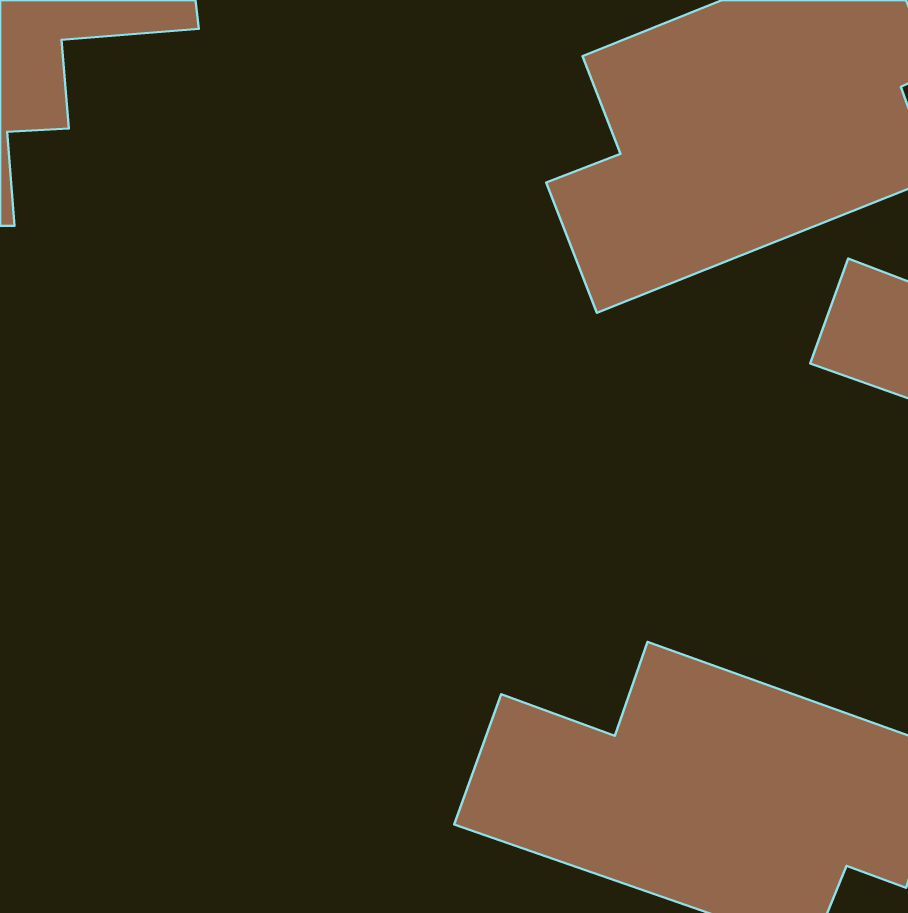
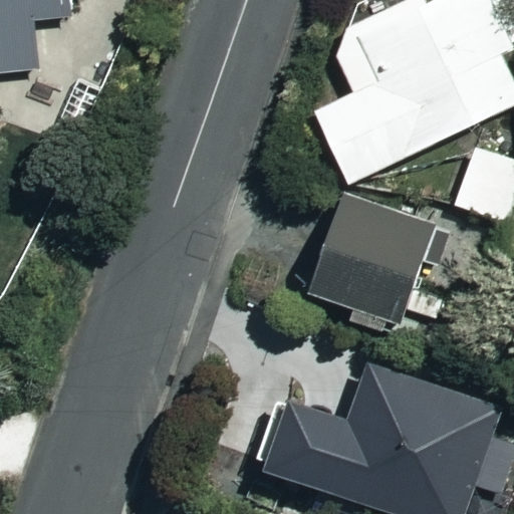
building: none -> [304,190,430,319]

